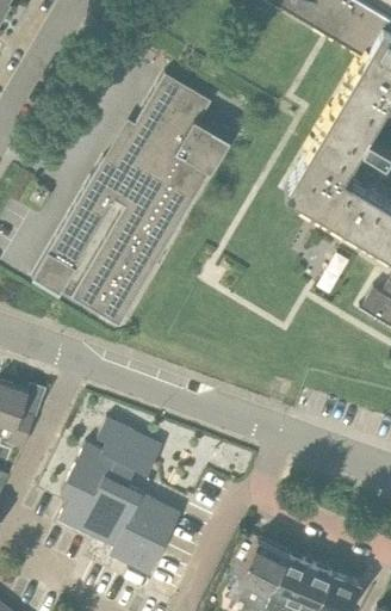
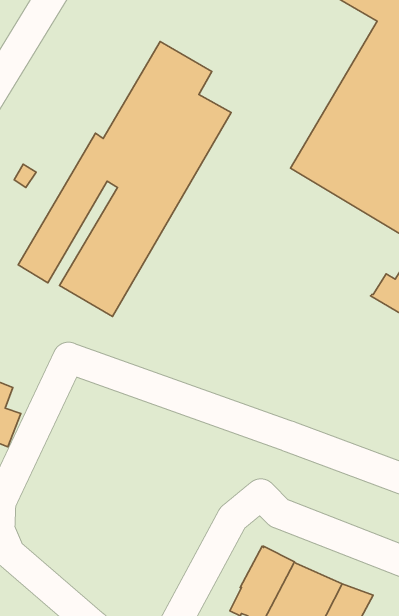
building: [58,420,180,576] -> none

